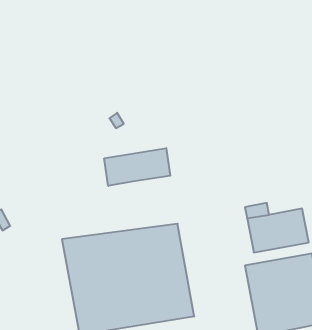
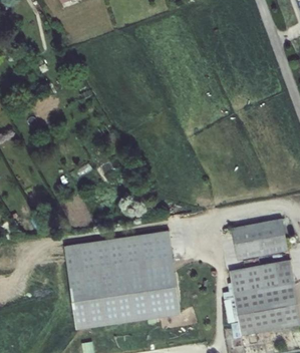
building: [104,148,170,186] -> none

